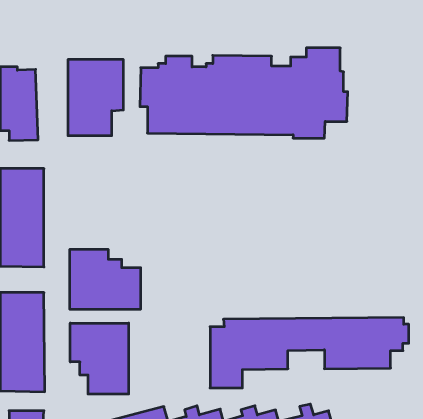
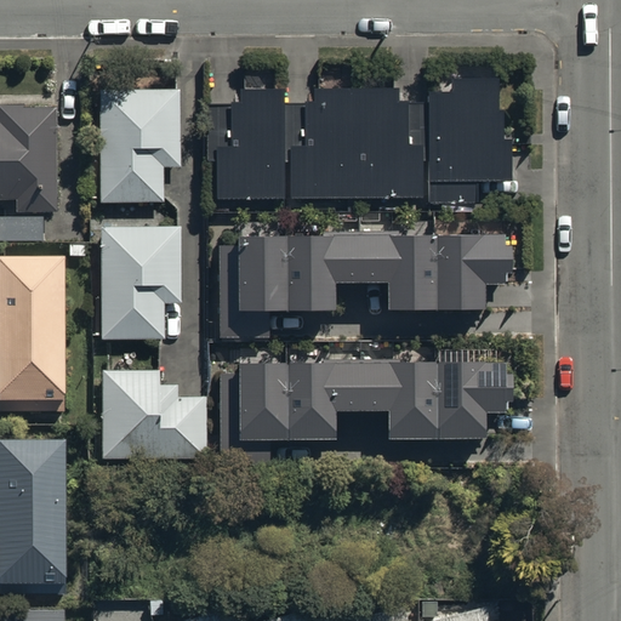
building: none -> [101,227,181,340]
building: none -> [216,235,507,338]
building: [210,318,409,388] -> [216,361,507,465]
building: [70,323,129,394] -> none

